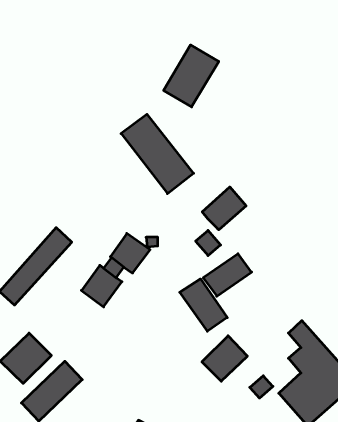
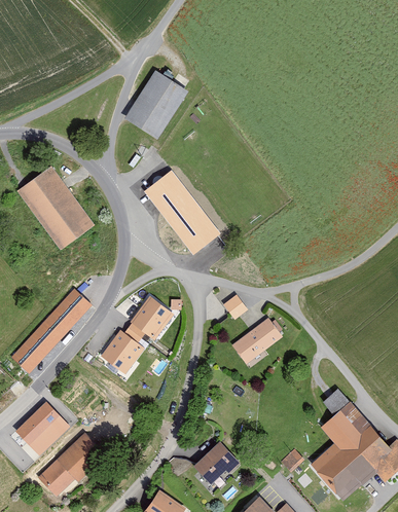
building: [164,45,219,107] -> [133,71,191,137]
building: none -> [17,167,98,253]
building: [202,187,246,230] -> none
building: [180,279,227,331] -> none
building: [202,336,247,381] -> [194,441,243,489]

